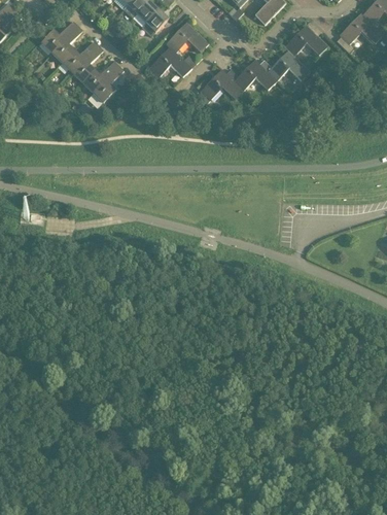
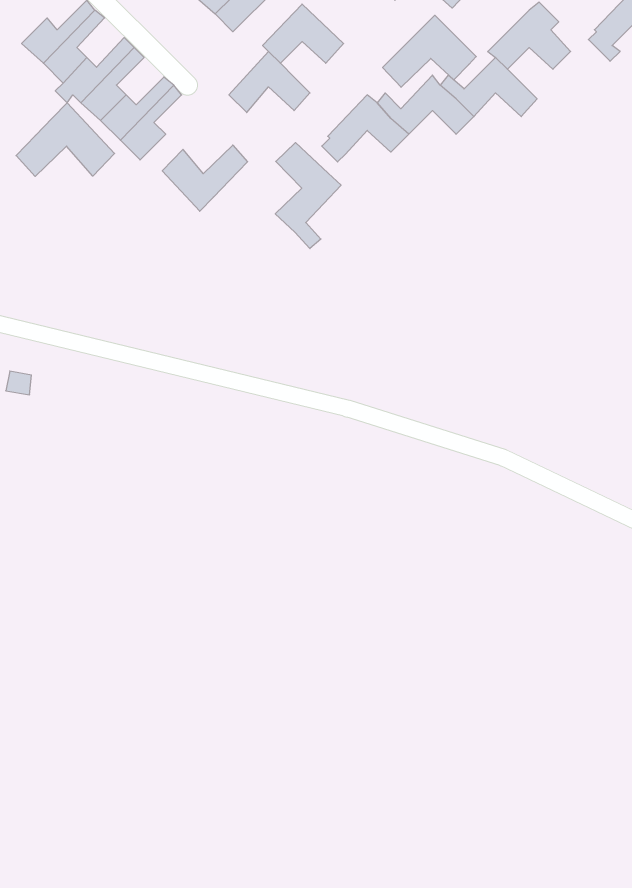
building: none -> [383,15,476,87]
building: none -> [16,103,115,176]
building: none -> [275,143,341,249]
building: none -> [162,145,248,211]

